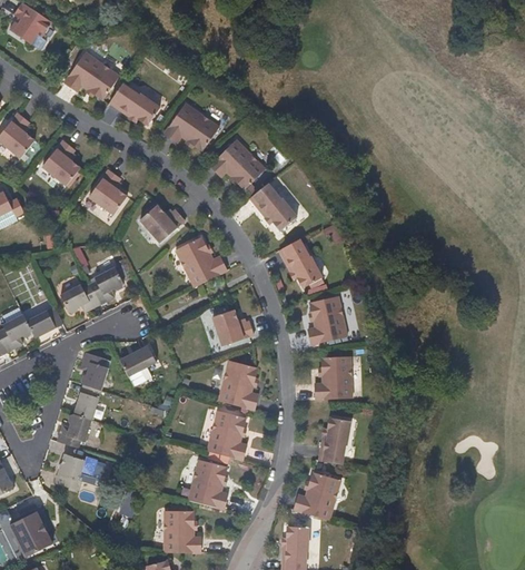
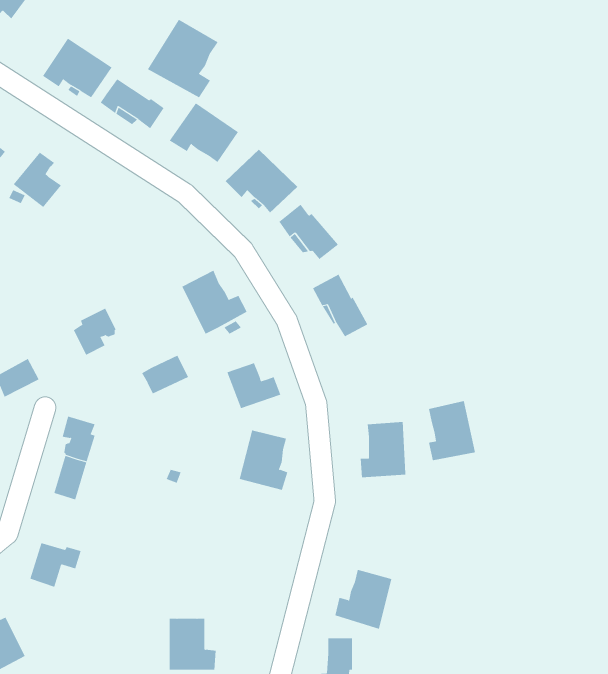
building: none -> [147,19,218,98]
building: [87,169,125,214] -> none
building: [138,205,185,236] -> none
building: [59,283,99,312] -> none
building: [308,296,346,344] -> [428,400,476,461]
building: [119,343,157,374] -> [141,355,189,394]
building: [208,411,247,460] -> none
building: [56,412,91,445] -> none
building: [319,416,351,463] -> none
building: [188,459,229,509] -> none

